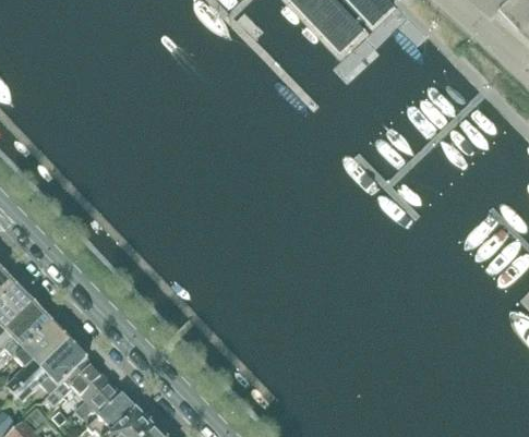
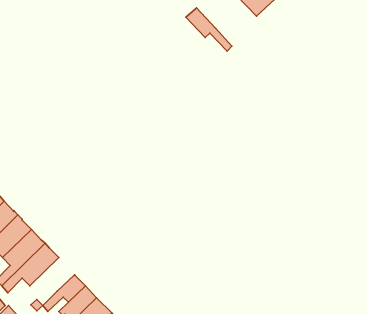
building: none -> [186,8,232,51]
building: [47,359,108,406] -> none

